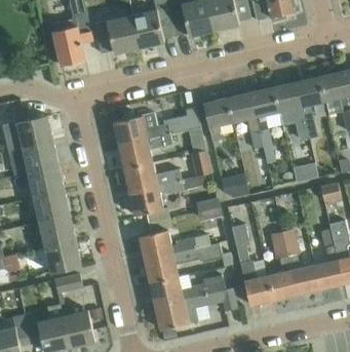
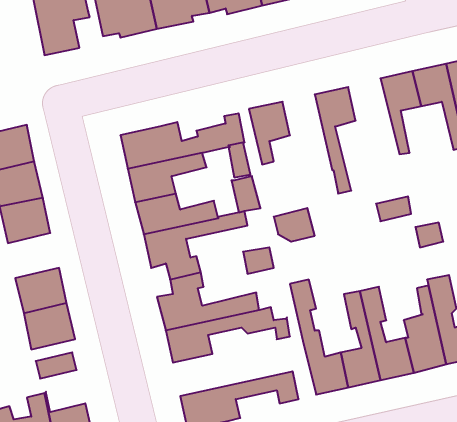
building: [273,82,309,138] -> none
building: [227,93,262,149] -> none
building: [34,191,70,223] -> none
building: [150,274,234,306] -> none

